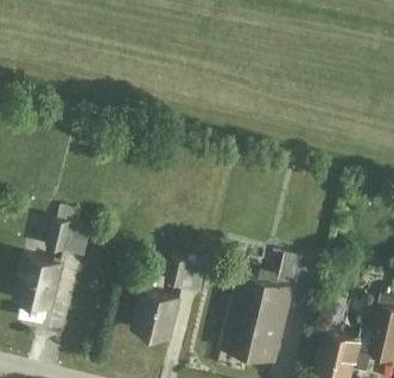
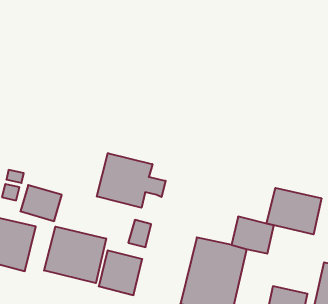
building: none -> [97,153,166,208]
building: none -> [267,188,321,234]
building: none -> [44,227,106,283]

